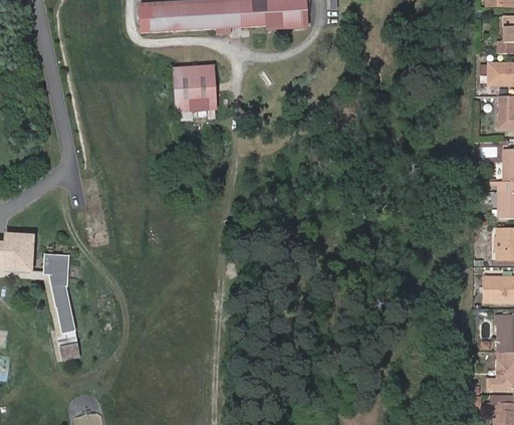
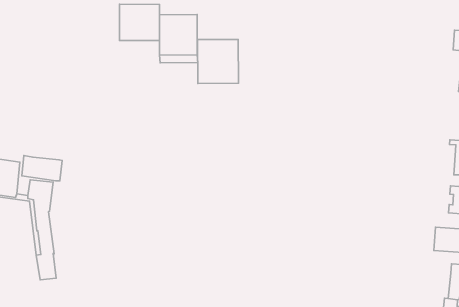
building: none -> [119,4,160,41]
building: none -> [198,39,239,83]
building: none -> [22,156,62,181]

